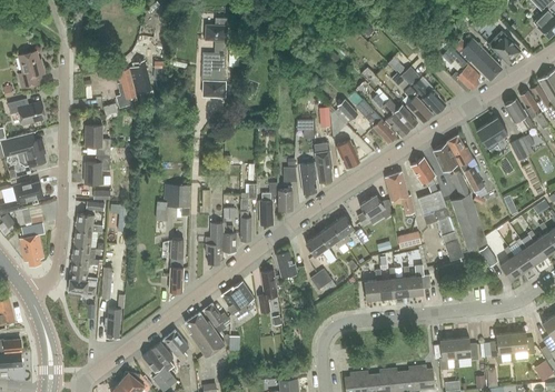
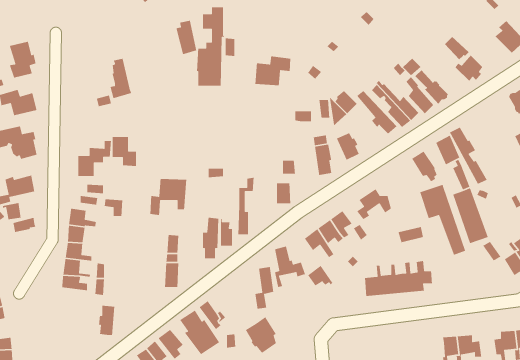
building: [454,39,502,80] -> none
building: [130,60,151,94] -> [176,20,197,55]
building: none -> [254,55,291,86]
building: [476,117,507,147] -> none
building: [86,125,110,155] -> [112,136,137,167]
building: [299,162,317,193] -> none
building: [384,171,414,215] -> none
building: [259,182,277,224] -> none
building: [19,234,43,264] -> none
building: [221,281,252,318] -> [245,316,277,354]

